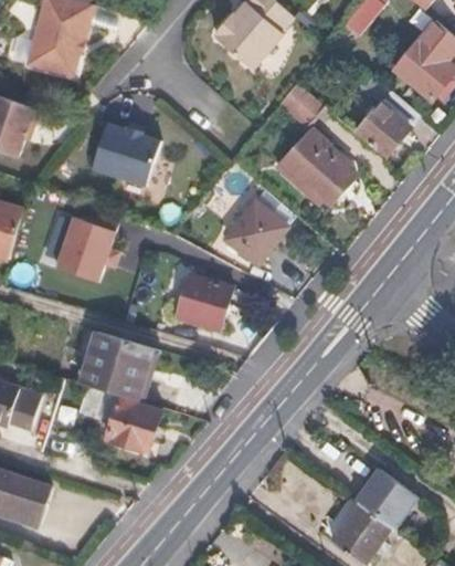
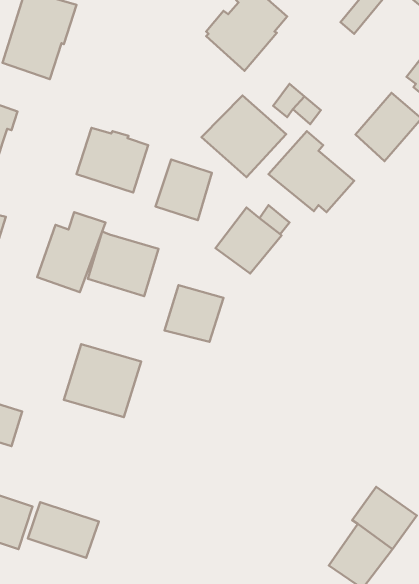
building: none -> [202,96,286,177]
building: none -> [156,160,212,220]
building: none -> [88,231,159,296]
building: [105,398,159,451] -> none
building: none -> [28,502,99,558]

